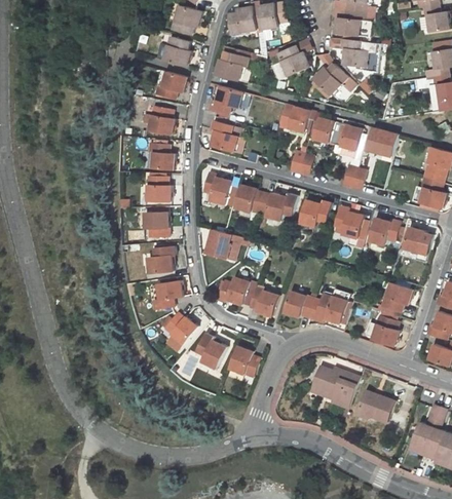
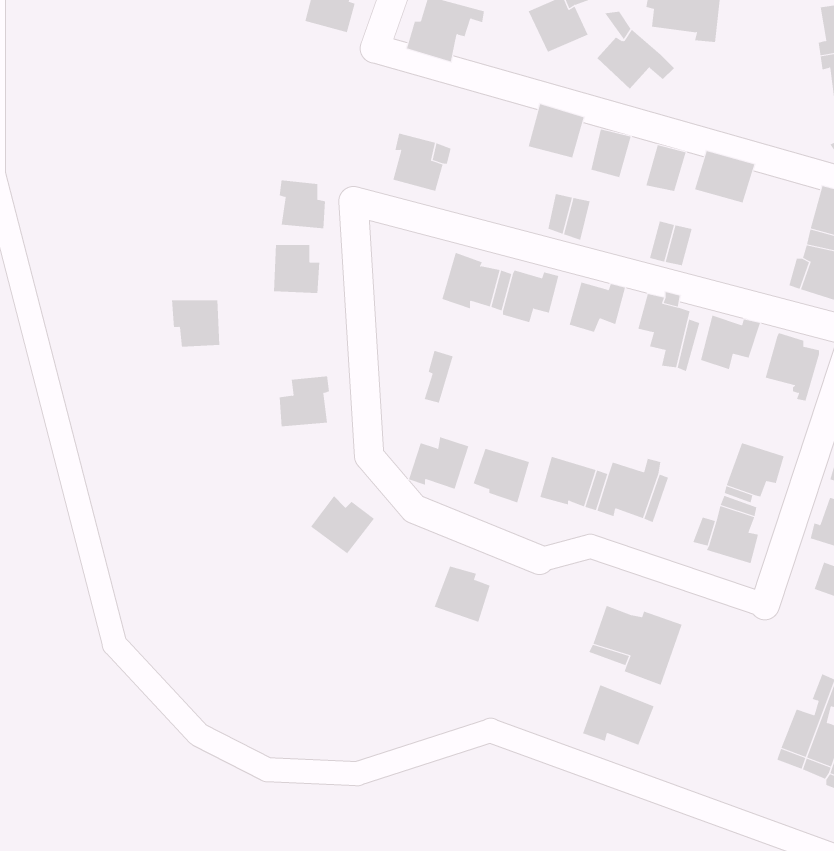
building: [154,72,186,100] -> none
building: [208,86,241,114] -> none
building: [146,106,174,133] -> none
building: [198,169,228,202] -> none
building: [141,214,166,238] -> [171,300,220,347]
building: [203,228,229,259] -> none
building: [151,279,182,309] -> none
building: [195,333,225,369] -> none
building: [355,390,393,422] -> [582,685,655,745]

